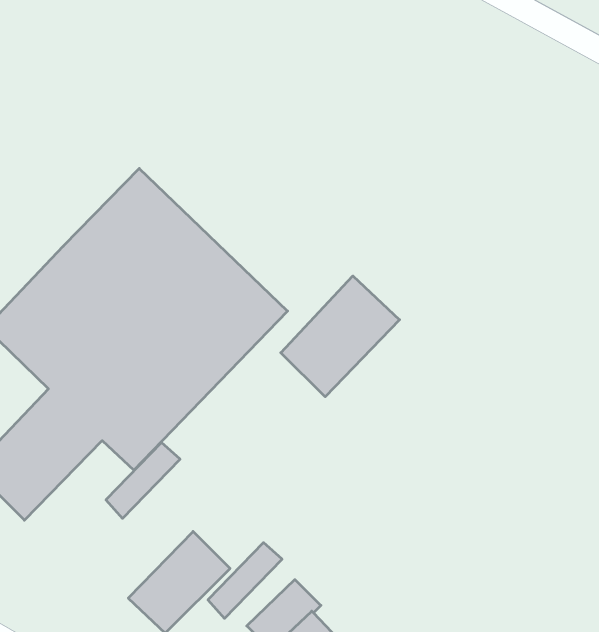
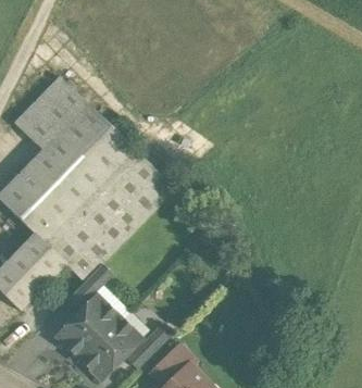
building: none -> [14,77,87,150]
building: [281,276,400,397] -> none
building: none -> [59,296,118,356]

